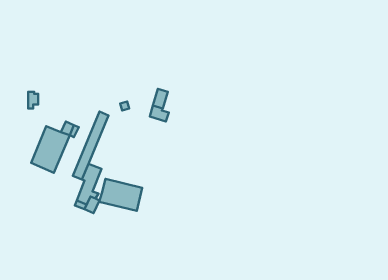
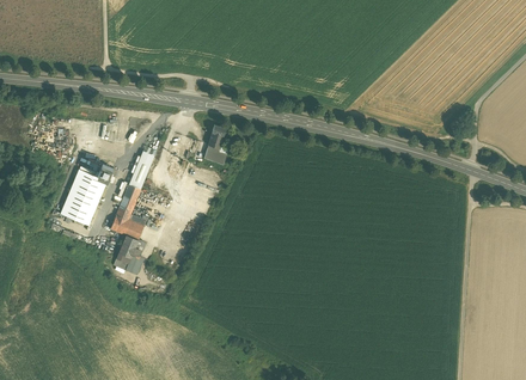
building: [99,179,142,211] -> none

